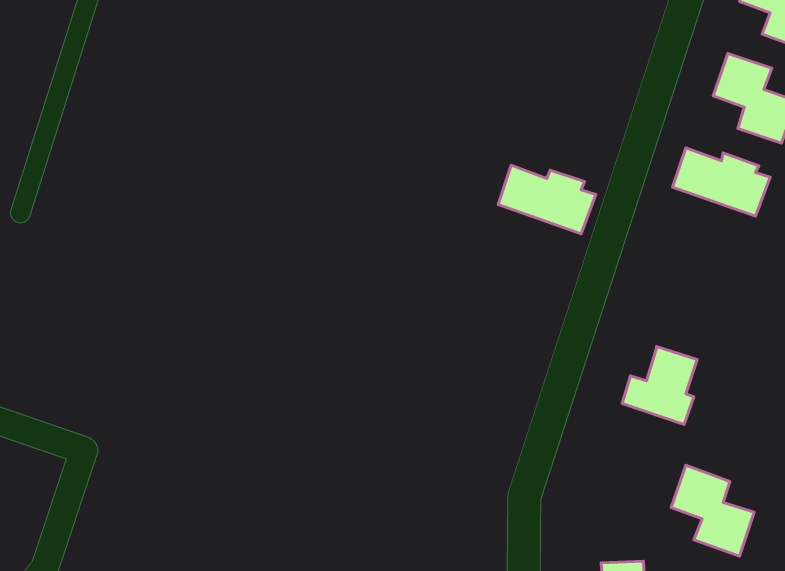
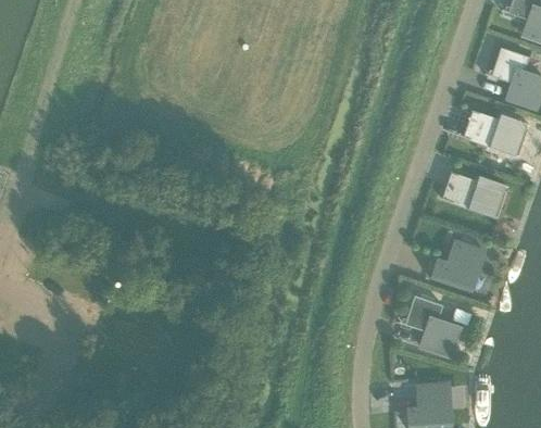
building: [498,165,596,234] -> [441,172,506,217]
building: [671,465,754,556] -> [404,294,460,355]

